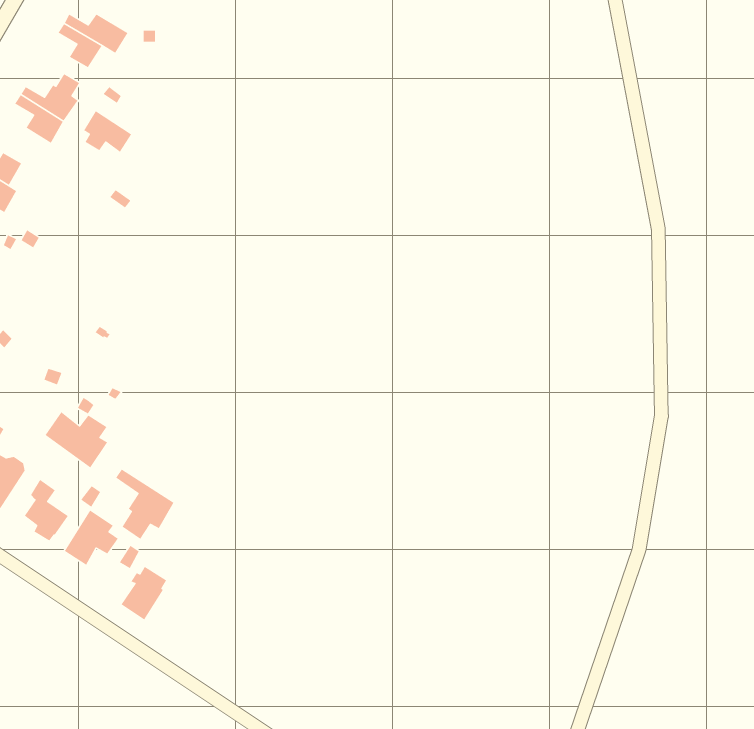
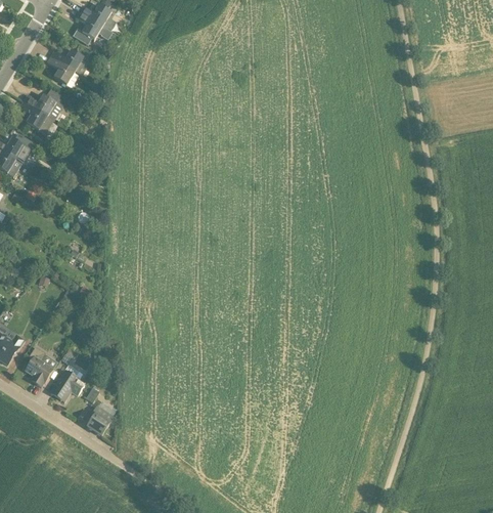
building: [83,110,132,153] -> none
building: [44,411,108,469] -> none
building: [115,468,175,540] -> none

